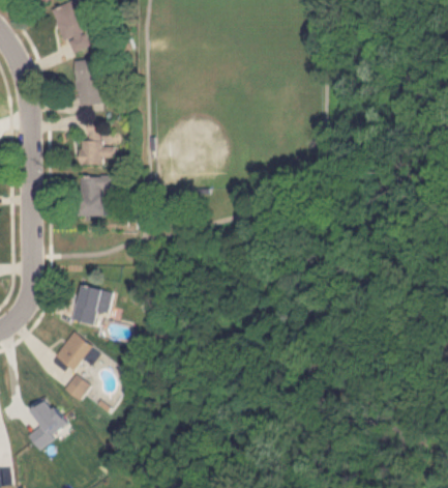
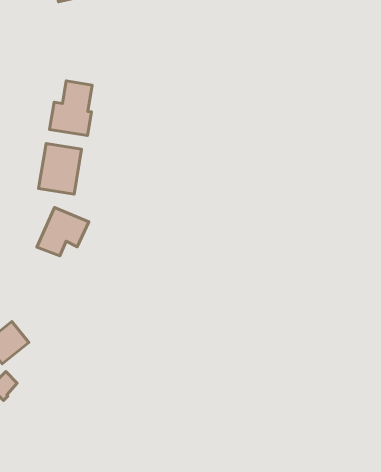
building: [76,61,97,106] -> none
building: [71,286,112,326] -> [37,208,89,256]

